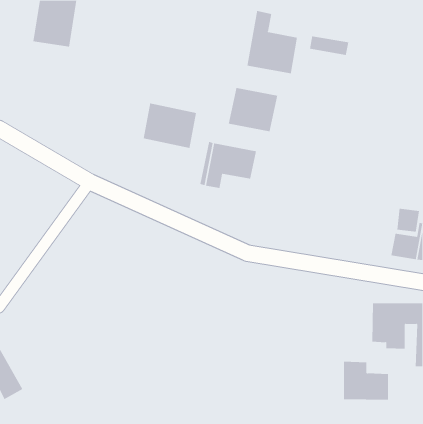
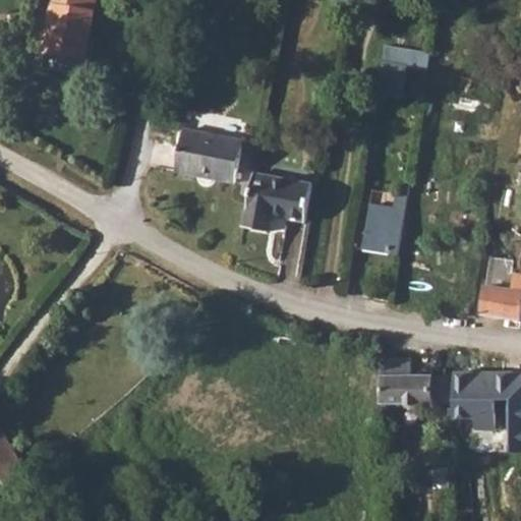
building: [247,10,297,74] -> none
building: [228,87,278,132] -> none
building: none -> [361,204,402,254]
building: [343,361,389,400] -> [380,357,436,405]

